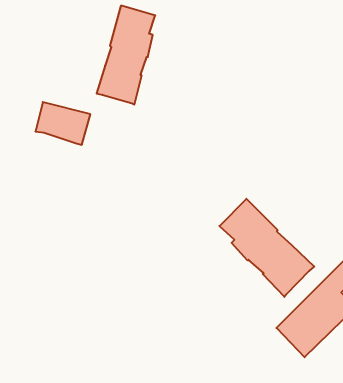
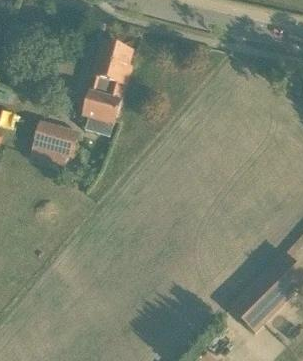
building: [219,199,314,297] -> none

